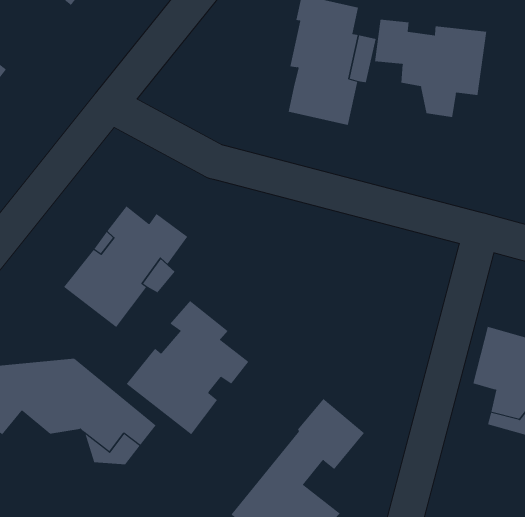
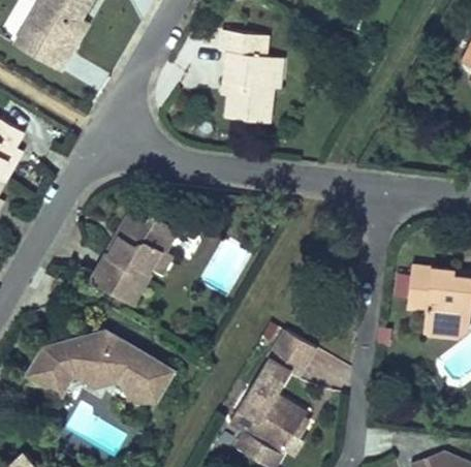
building: [374,19,487,118] -> none
building: [126,300,249,435] -> none

